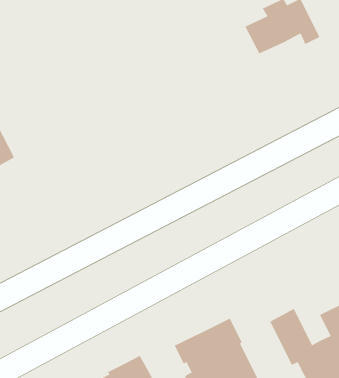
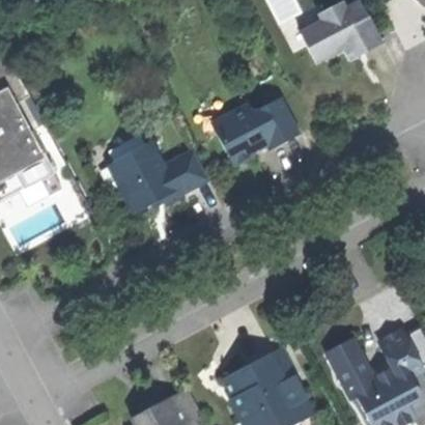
building: none -> [217,100,298,165]
building: none -> [108,143,208,211]

